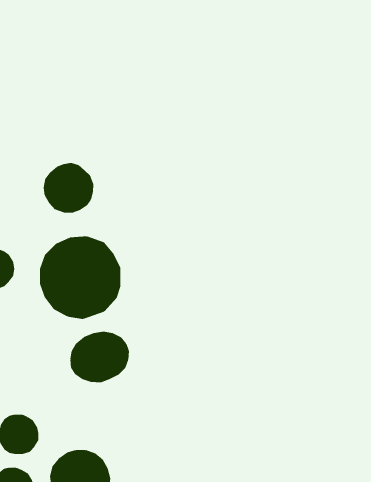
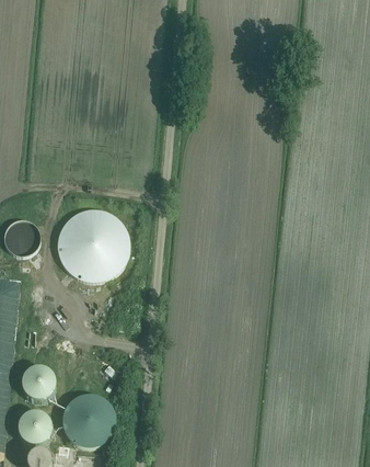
building: [43,162,94,213] -> none
building: [70,331,129,383] -> none

